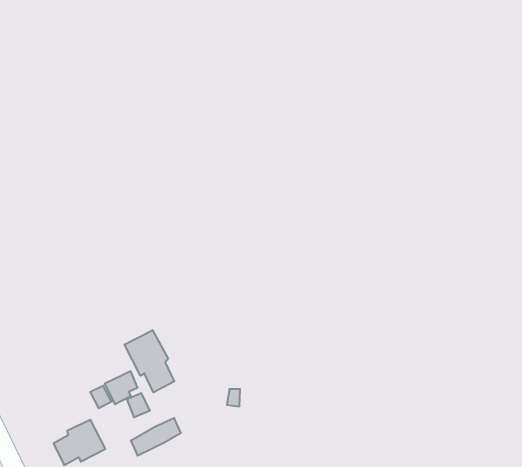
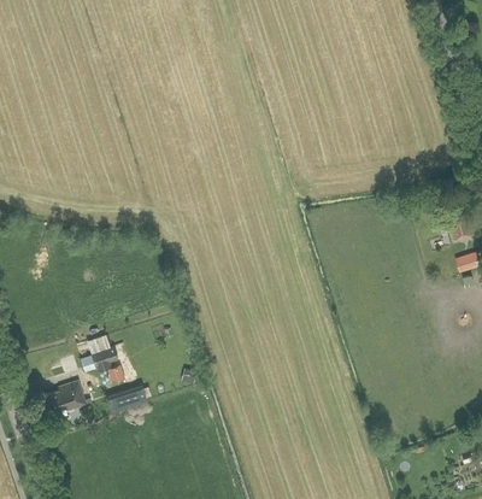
building: [124,330,174,392] -> none

